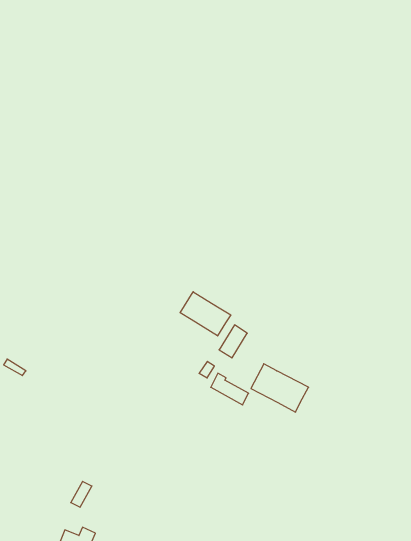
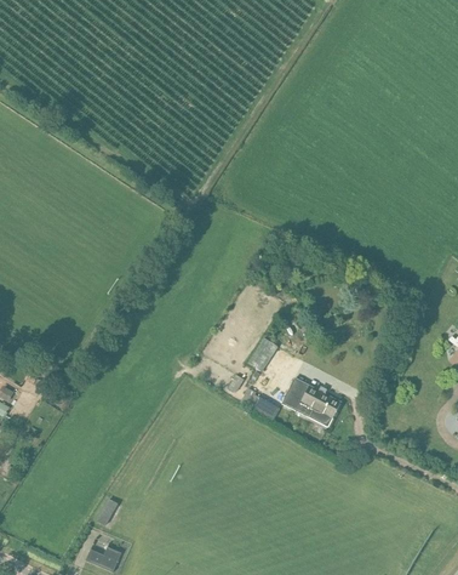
building: [180,292,231,336] -> none

